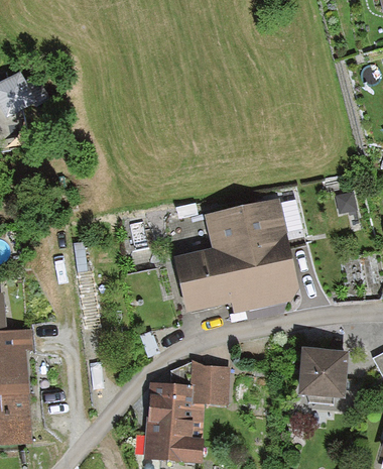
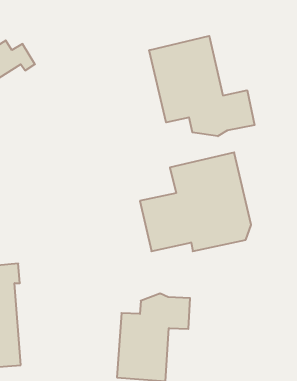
building: none -> [149,36,255,136]
building: [300,351,346,396] -> none

